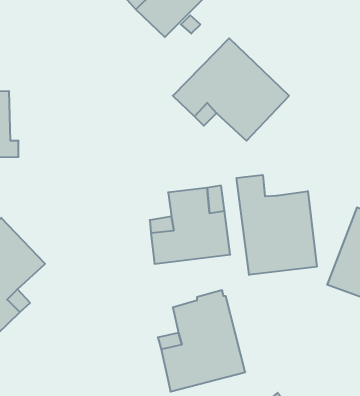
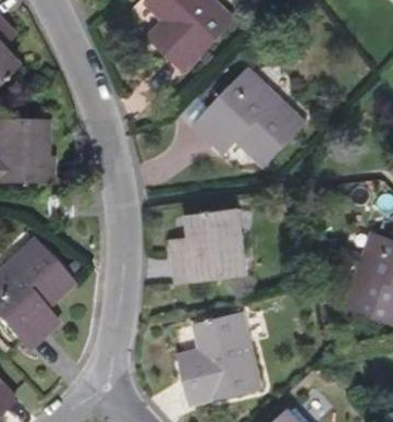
building: [237,175,317,275] -> none

